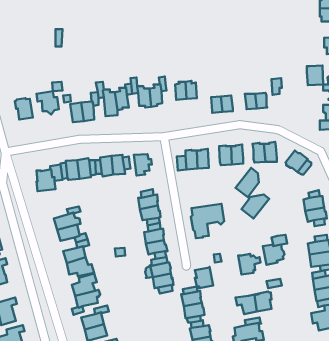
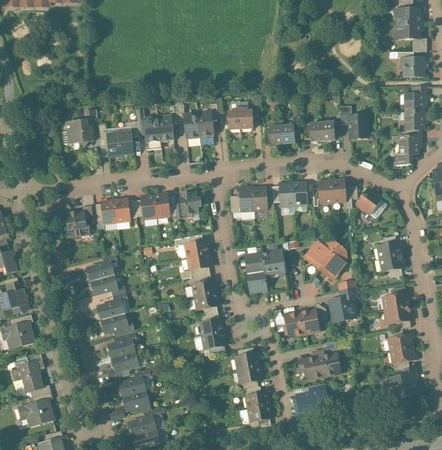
building: [307,65,323,85] -> [349,115,368,138]
building: [15,98,33,119] -> none
building: [236,168,259,197] -> [319,245,346,279]
building: [195,267,213,288] -> [284,311,305,336]

